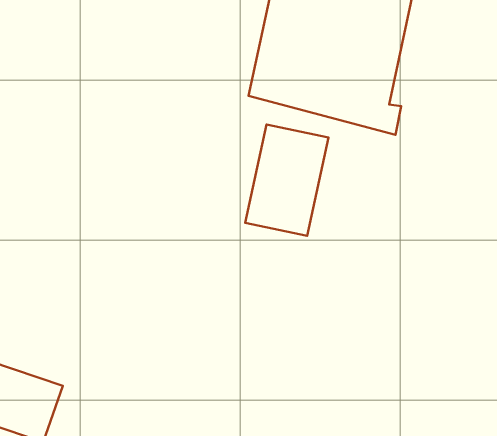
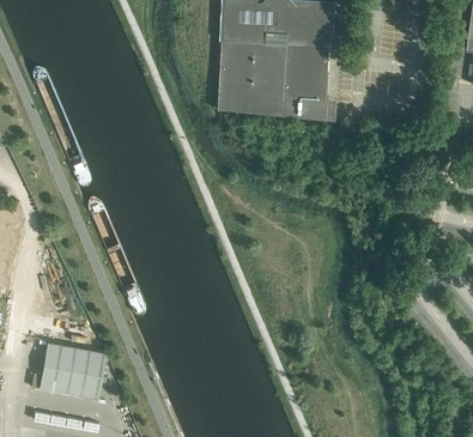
building: [245,124,329,236] -> none

